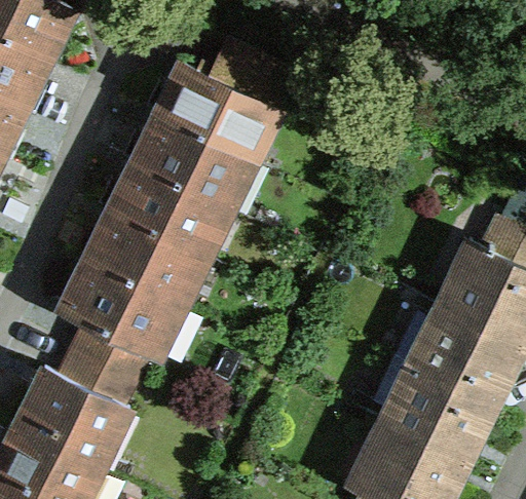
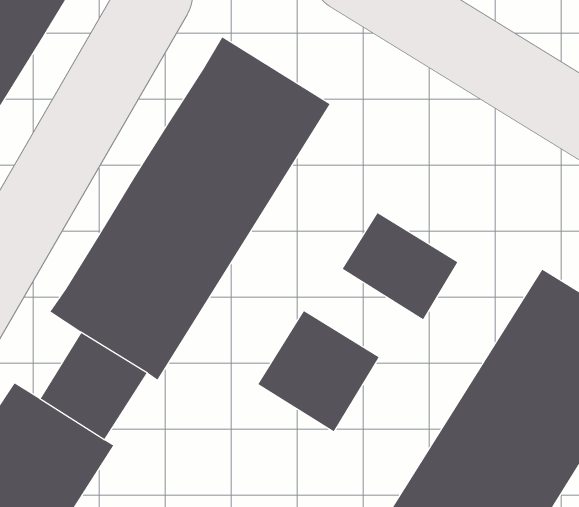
building: none -> [342,212,458,320]
building: none -> [258,310,380,432]

